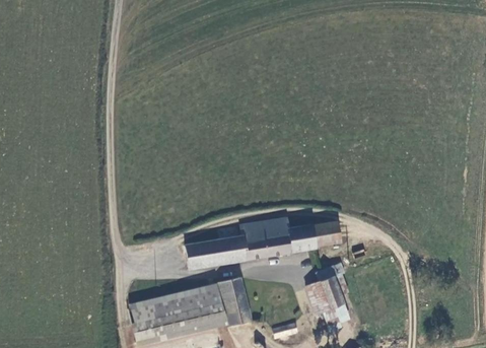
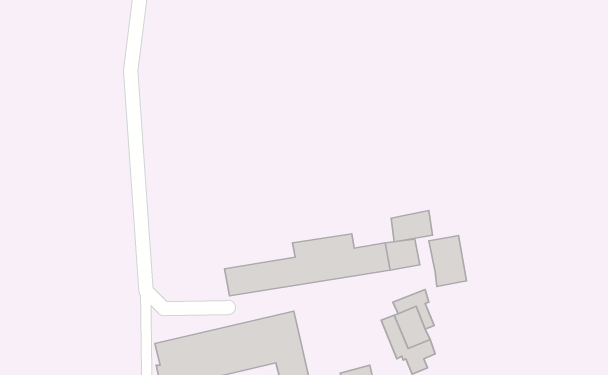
building: none -> [391,211,433,242]
building: none -> [429,235,466,286]

